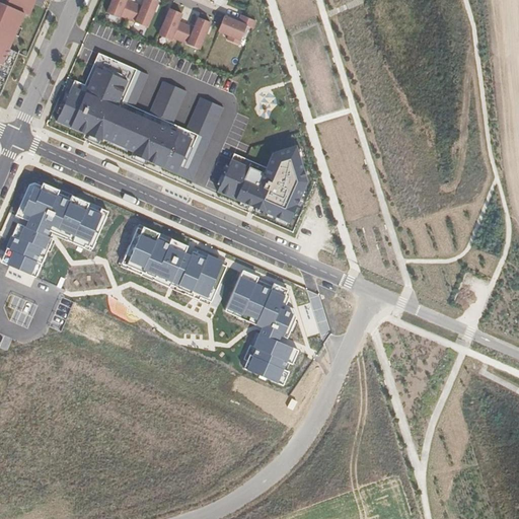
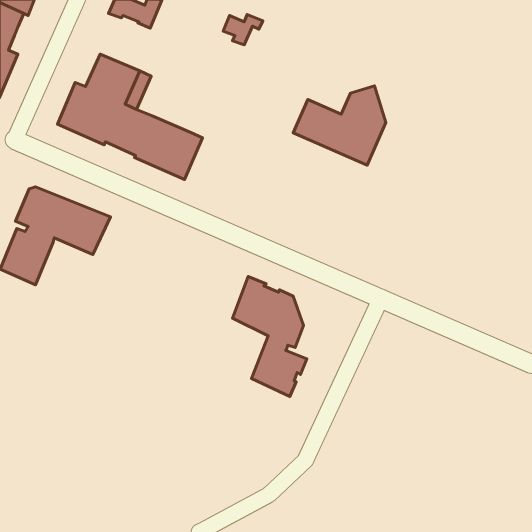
building: [158,8,210,49] -> none
building: [148,80,186,123] -> none
building: [179,96,223,179] -> none
building: [216,145,306,222] -> [293,86,386,165]
building: [121,223,226,301] -> none

